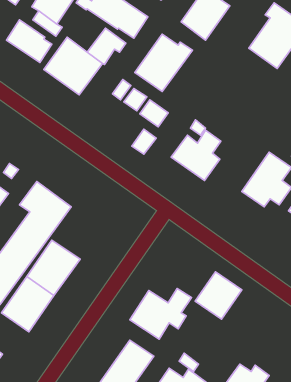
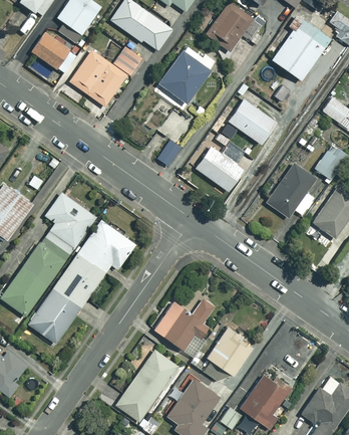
building: none -> [229,99,277,145]
building: none -> [77,219,134,270]
building: [195,272,242,319] -> [208,329,254,376]

